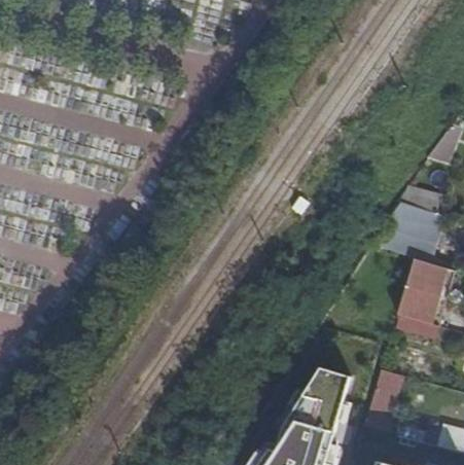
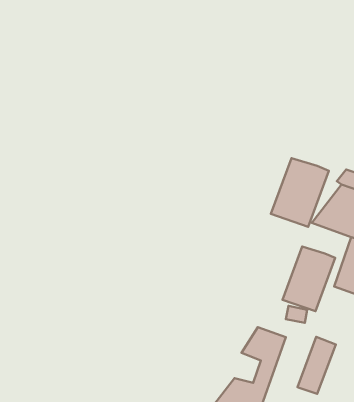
building: none -> [271,158,329,227]
building: none -> [282,247,335,311]

